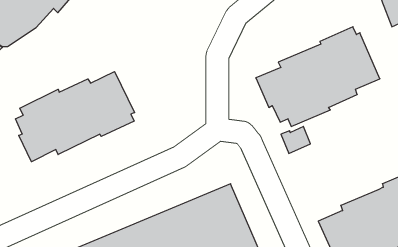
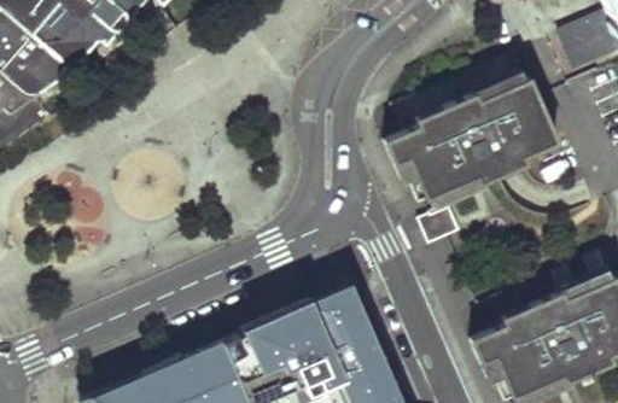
building: [16,72,135,162] -> none

